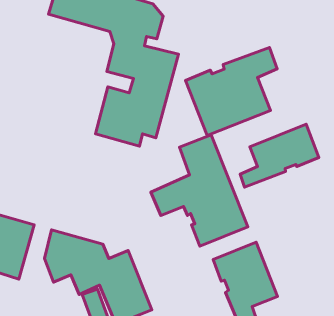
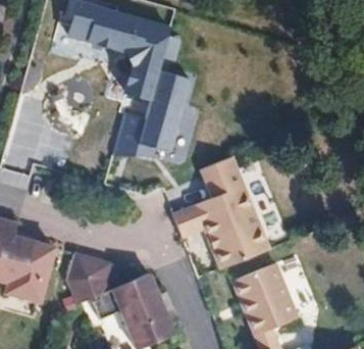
building: [186,47,277,136] -> none
building: [240,124,319,187] -> none

